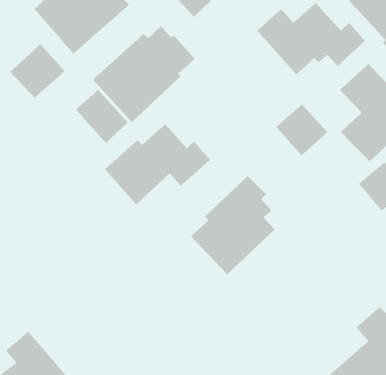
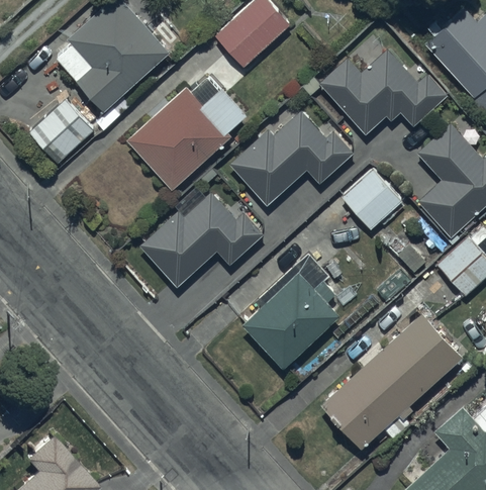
building: none -> [229,111,355,207]
building: [75,89,129,144] -> none
building: none -> [321,313,464,451]

